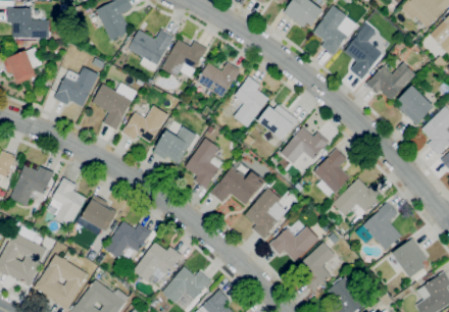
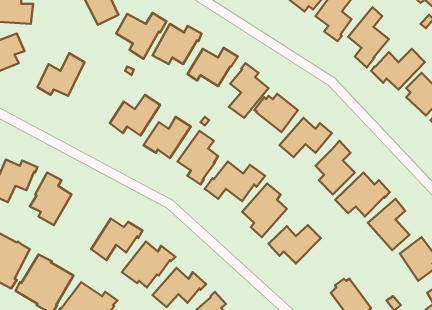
building: [92,84,132,129] -> none
building: [76,195,116,235] -> none
building: [297,242,335,292] -> none

